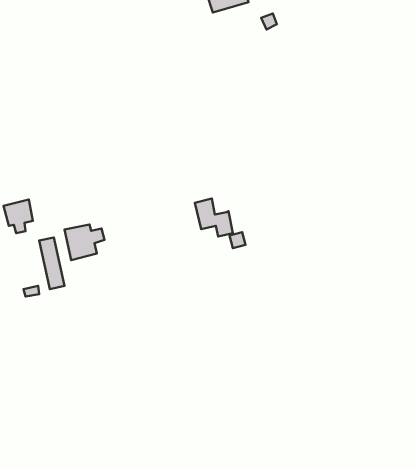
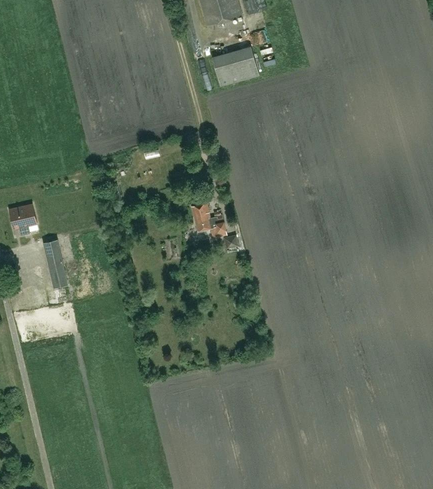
building: none -> [212,46,259,86]
building: [65,224,104,260] -> none

